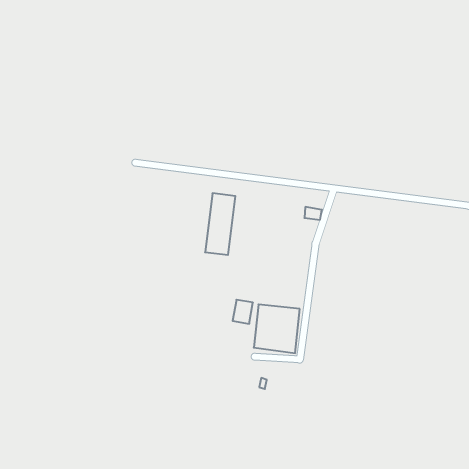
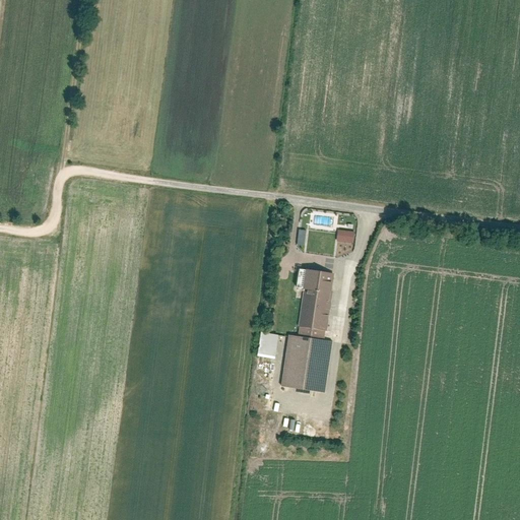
building: [205,193,235,255] -> [298,269,331,337]

